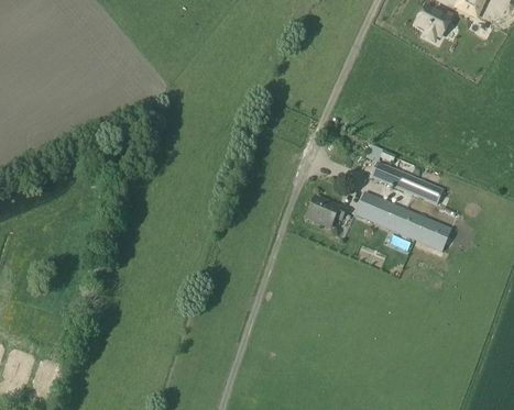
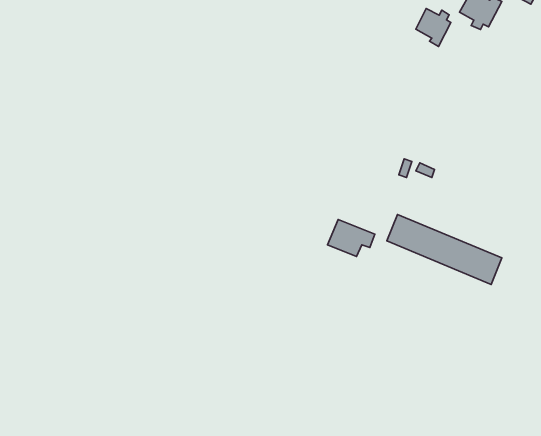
building: none -> [416,9,451,46]
building: [372,160,445,203] -> none

